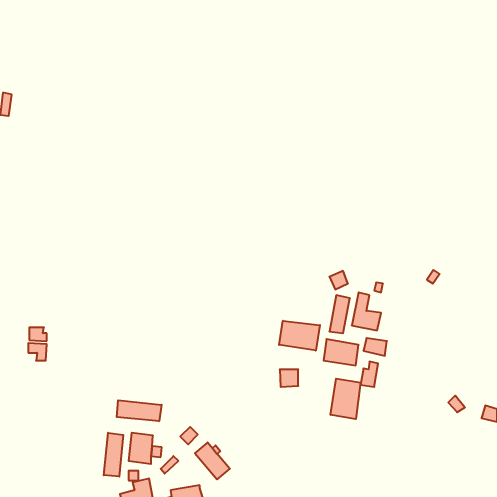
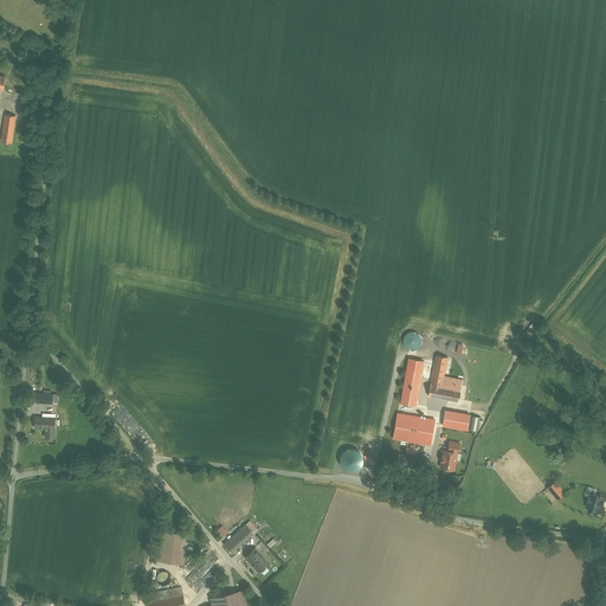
building: [279,321,320,351] -> none
building: [331,379,360,419] -> none
building: [117,400,162,421] -> none
building: [104,433,123,477] -> none

